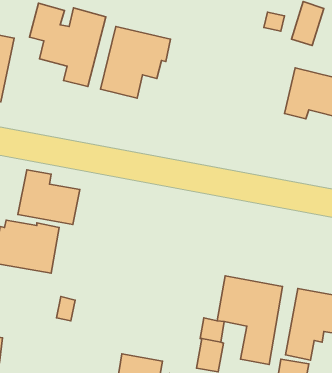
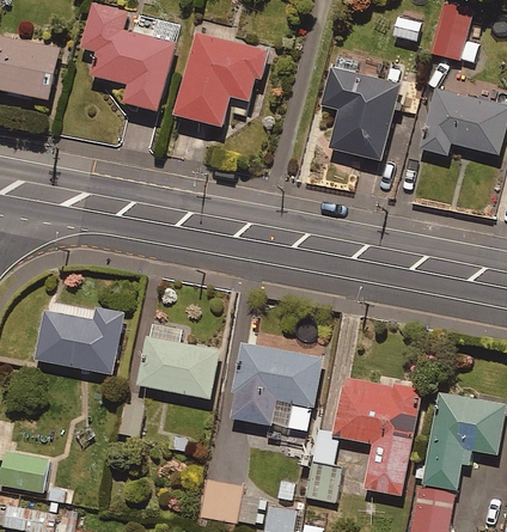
building: none -> [324,72,403,170]
building: [18,170,80,224] -> [135,320,218,393]
building: none -> [228,340,320,427]

